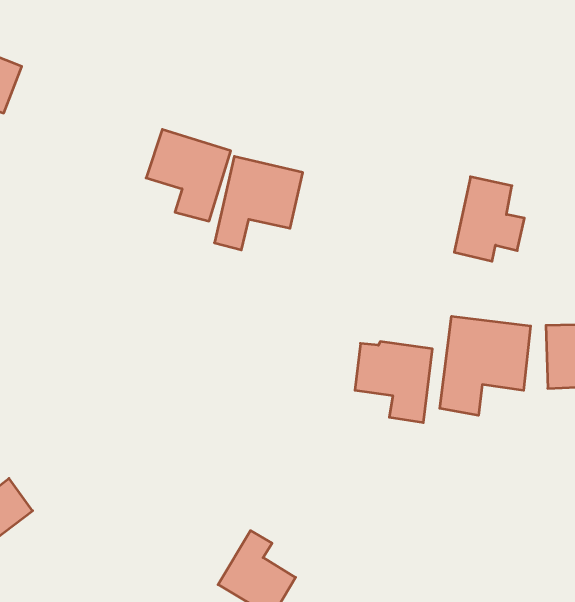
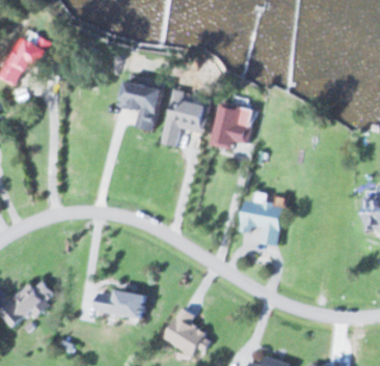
building: [454,177,524,261] -> [210,101,250,149]
building: [440,316,531,415] -> none
building: none -> [92,287,147,318]

